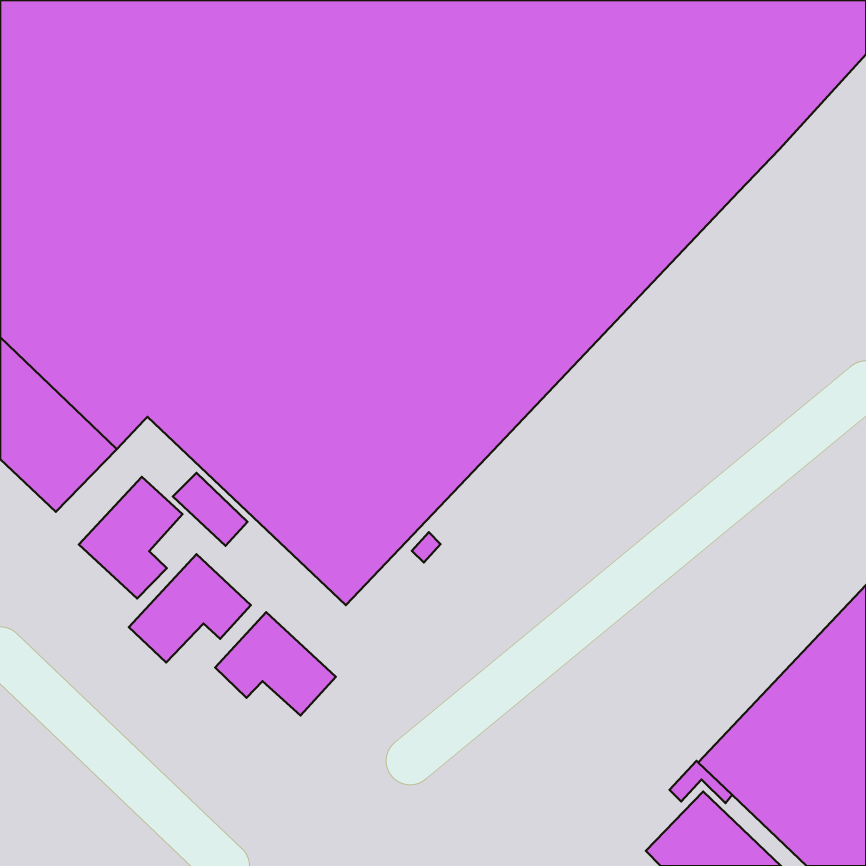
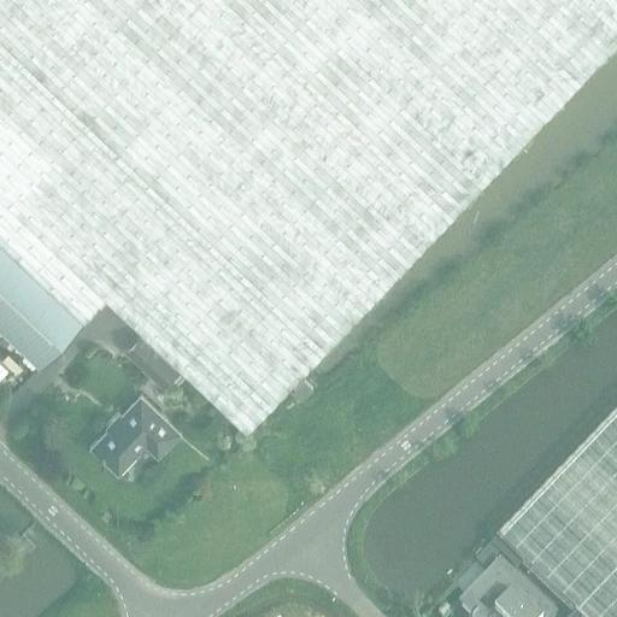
building: [79,477,183,599] -> none
building: [215,612,336,715] -> none

